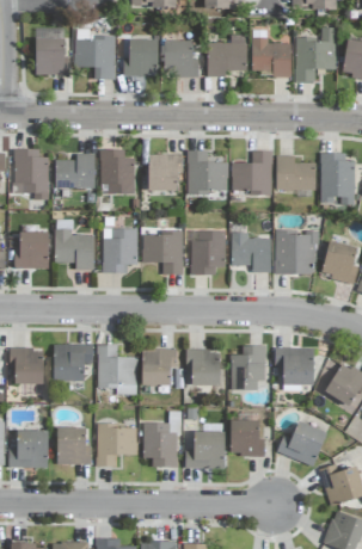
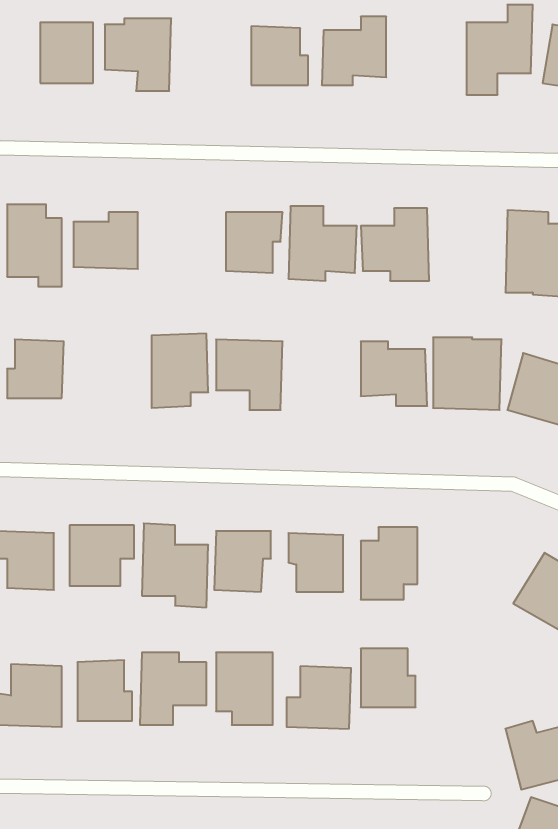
building: [251,37,290,78] -> none
building: [124,39,158,75] -> none
building: [100,149,135,195] -> none
building: [276,156,315,191] -> none
building: [54,229,94,270] -> none
building: [191,230,225,274] -> none
building: [274,347,314,385] -> none
building: [277,422,326,465] -> none

